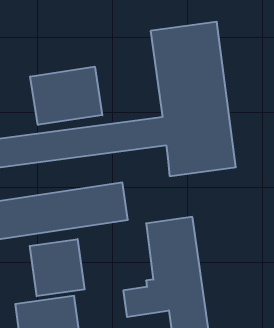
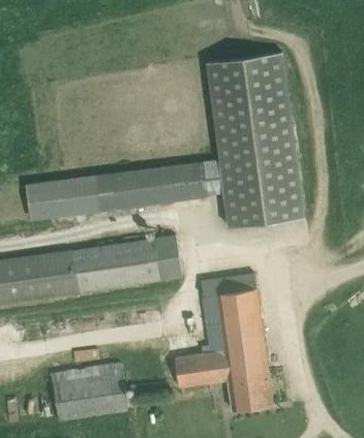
building: [30,67,102,125] -> none
building: [30,239,85,296] -> none

